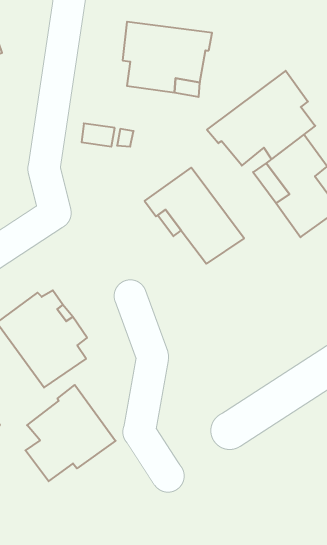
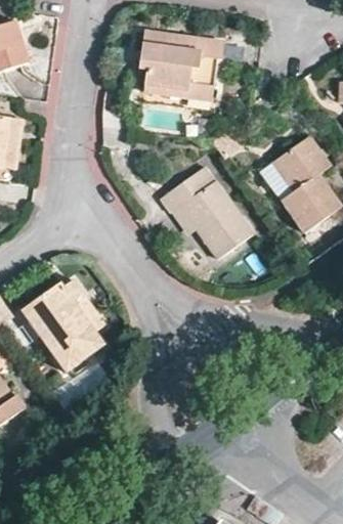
building: [207,71,315,166] -> none
building: [25,385,116,481] -> none

